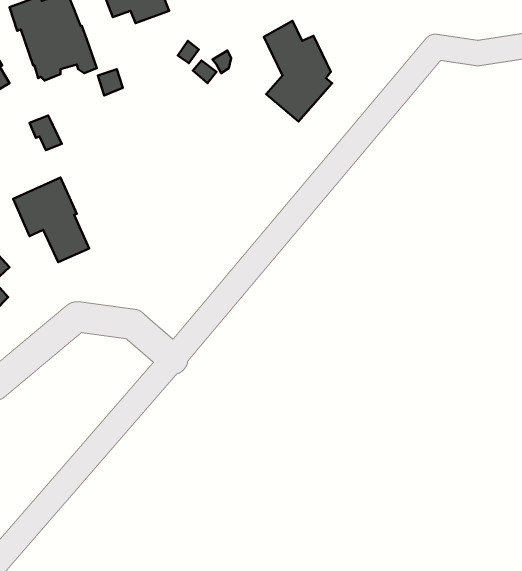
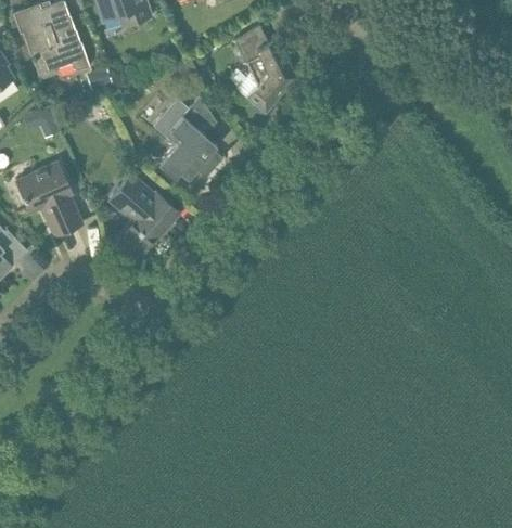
building: none -> [152,96,223,180]
building: none -> [110,175,178,260]

